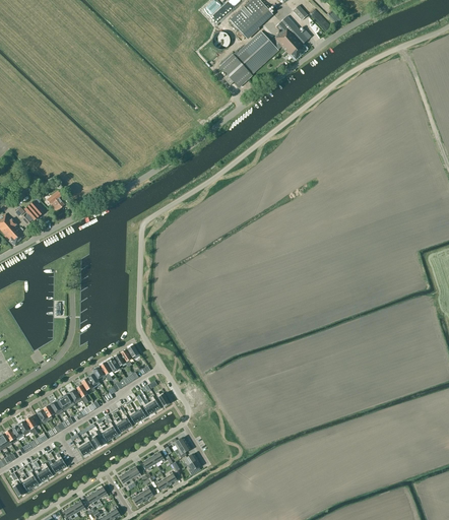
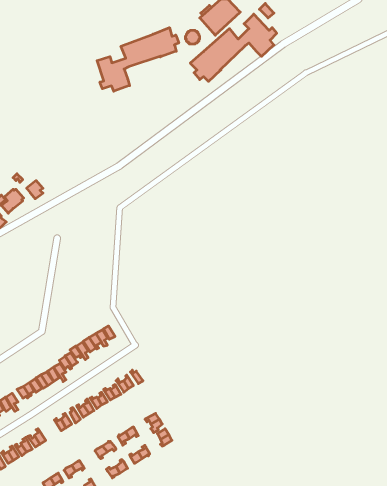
building: none -> [97,28,179,91]

